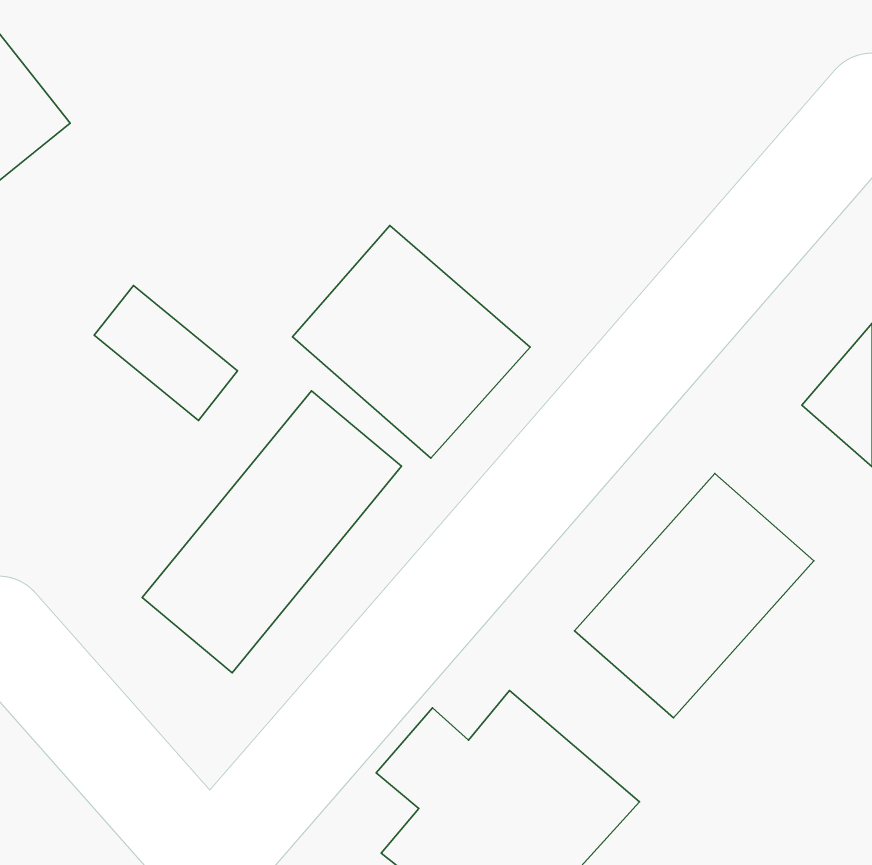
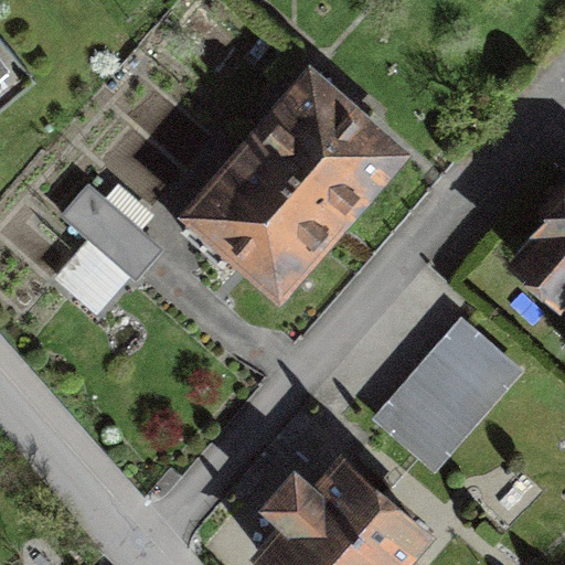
building: none -> [252,81,405,230]
building: [142,391,402,673] -> none

